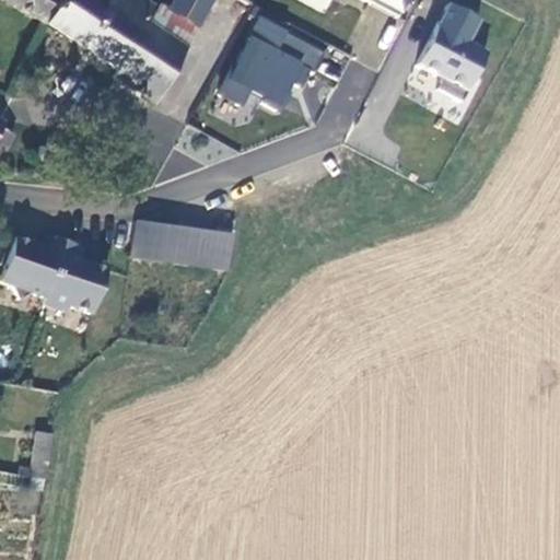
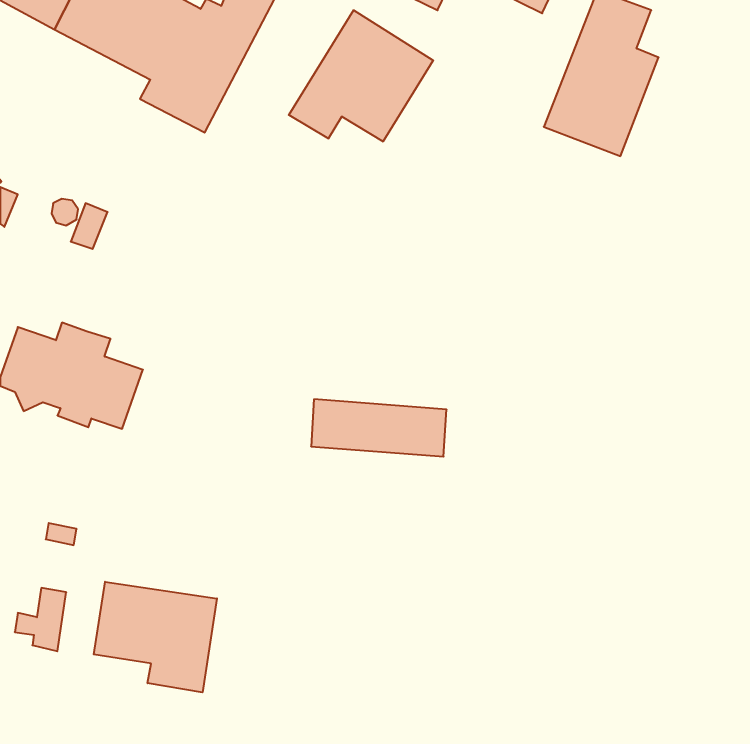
building: [132,221,233,264] -> [311,399,447,457]
building: none -> [94,582,217,692]

